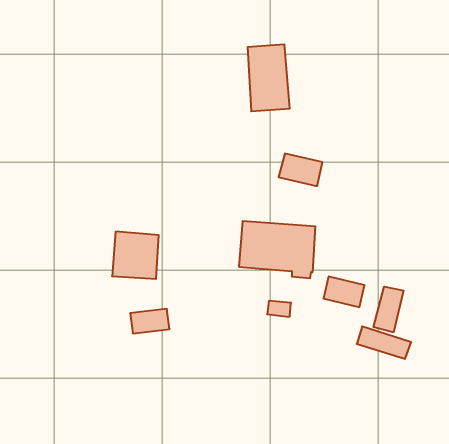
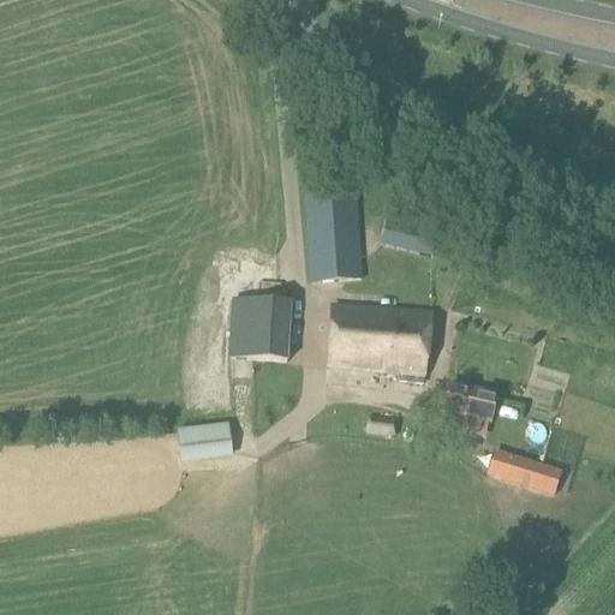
building: [248,45,290,111] -> [305,189,363,280]
building: [112,232,159,279] -> [228,294,292,359]
building: [374,287,404,332] -> none

